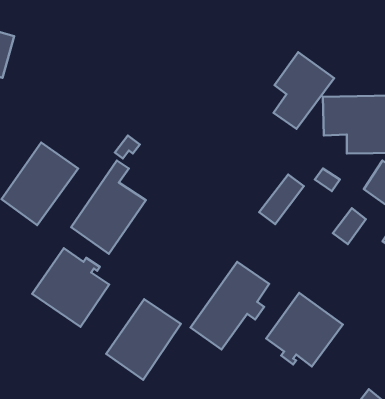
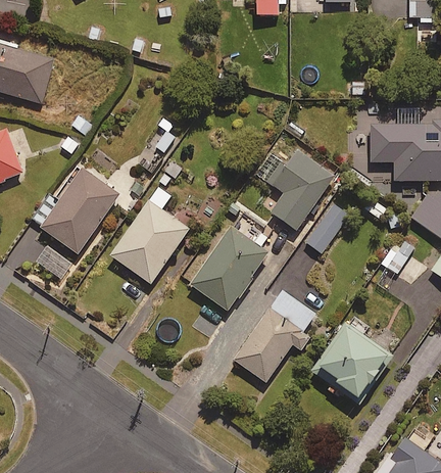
building: [273,52,334,129] -> [272,150,334,229]
building: [32,248,109,327] -> none
building: [106,299,181,380] -> [190,228,266,311]

